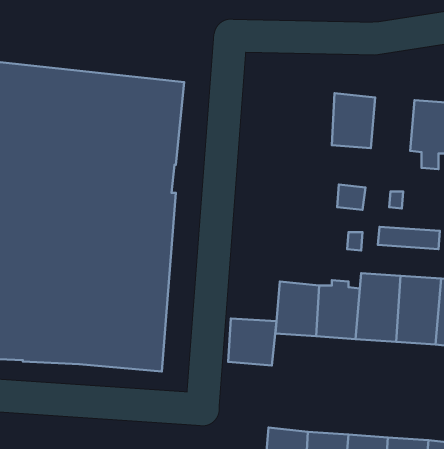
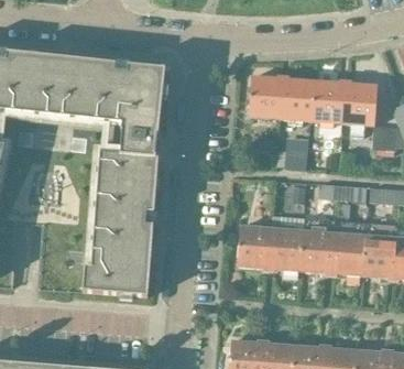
building: none -> [249,75,283,118]
building: none -> [312,80,346,122]
building: [228,318,277,366] -> none

